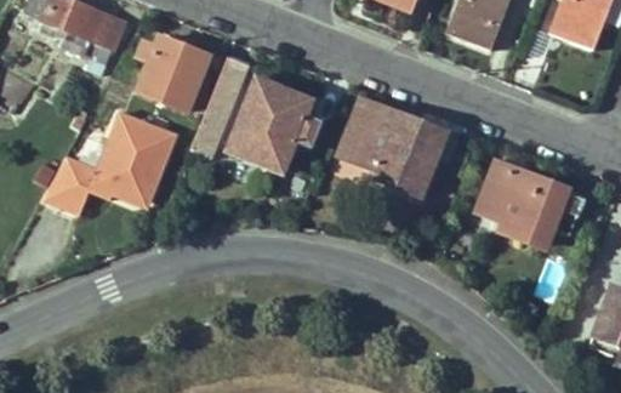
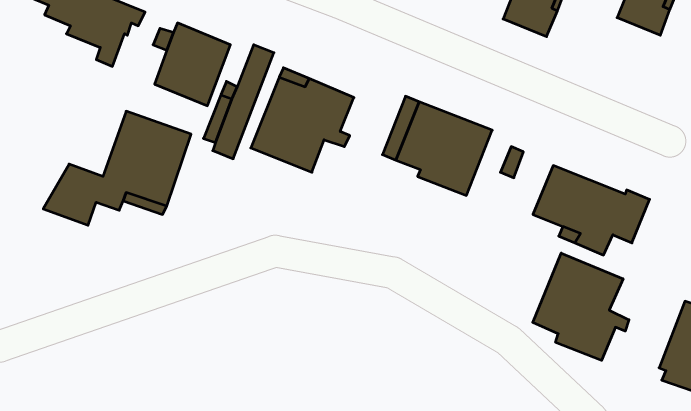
building: none -> [533,253,629,360]

